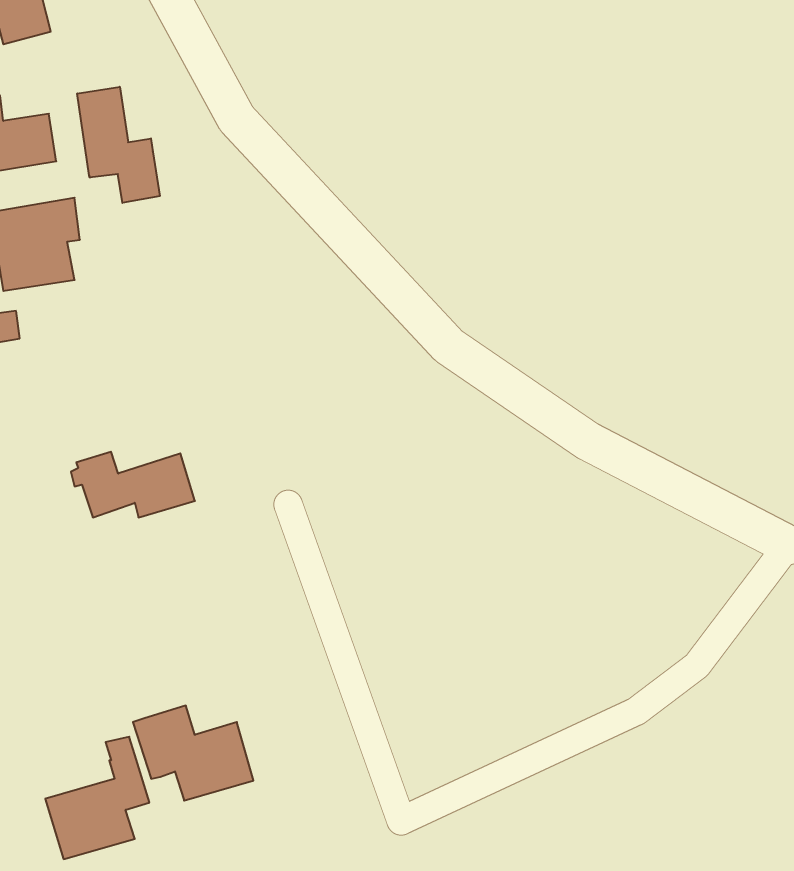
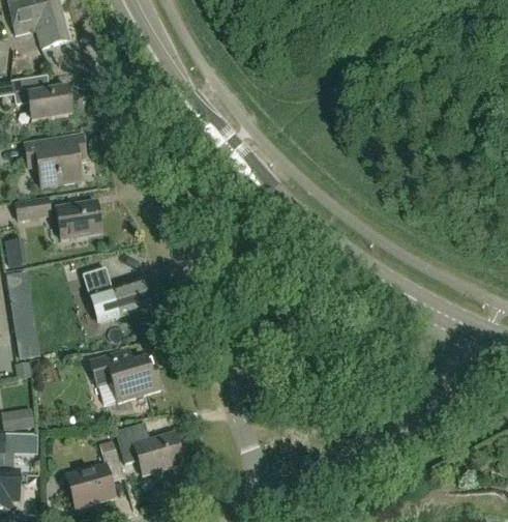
building: [77,87,160,203] -> none
building: none -> [56,201,101,238]
building: none -> [91,349,161,402]

